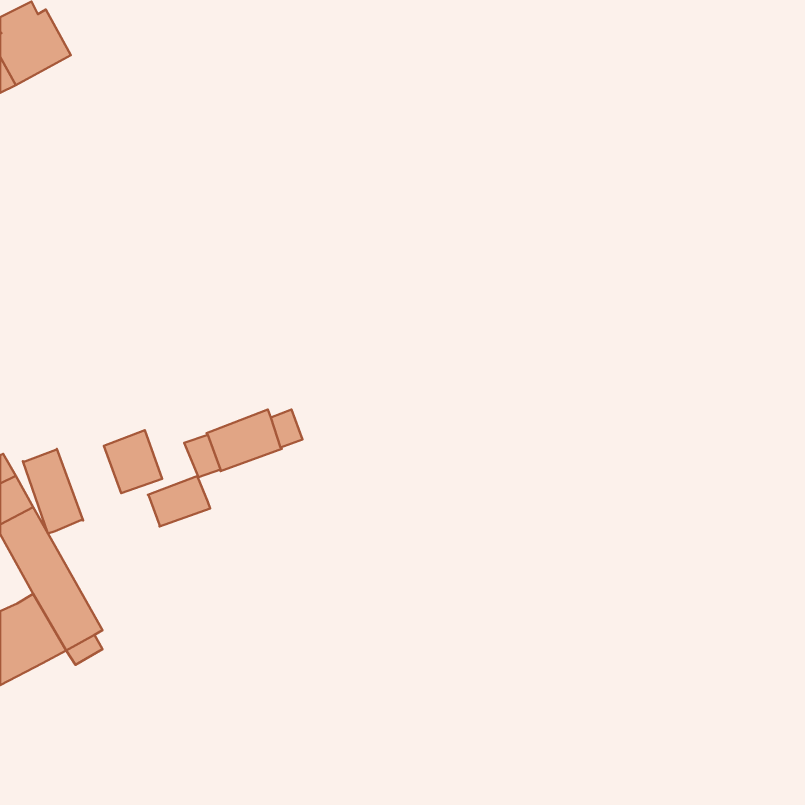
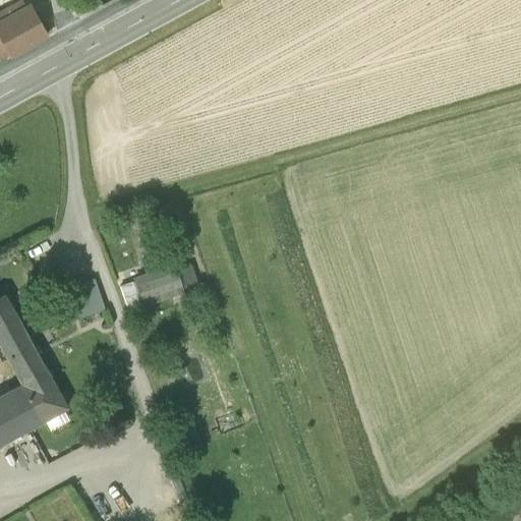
building: [23,449,83,534] -> none
building: [148,476,210,527] -> none

